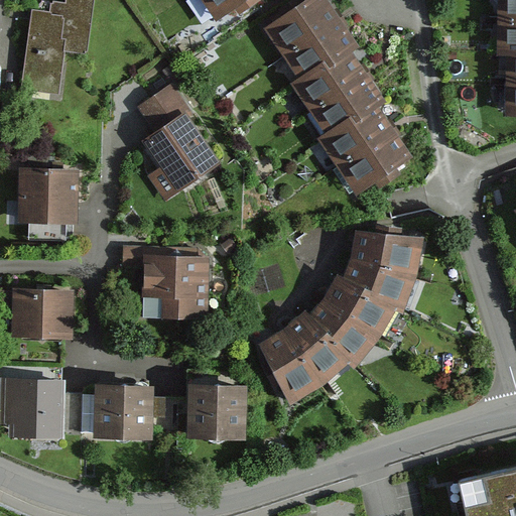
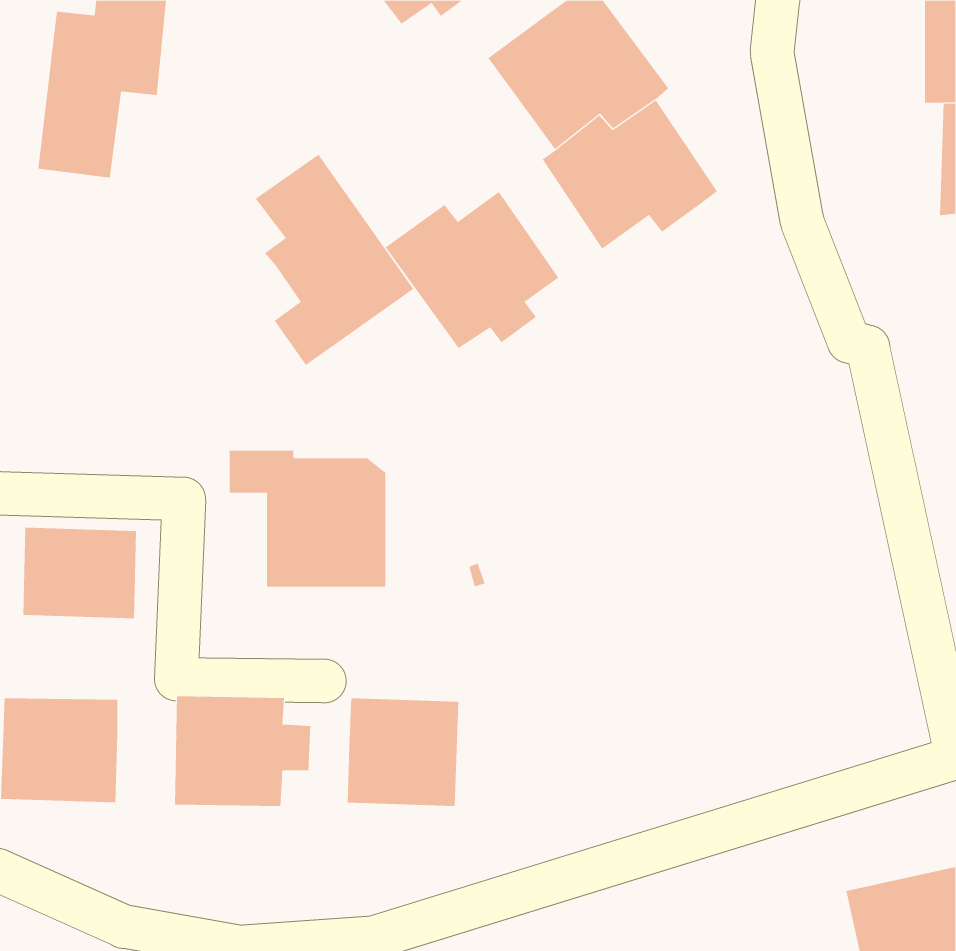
building: [316,113,410,198] -> [385,191,559,349]
building: [16,166,78,240] -> none
building: [260,227,423,403] -> none

